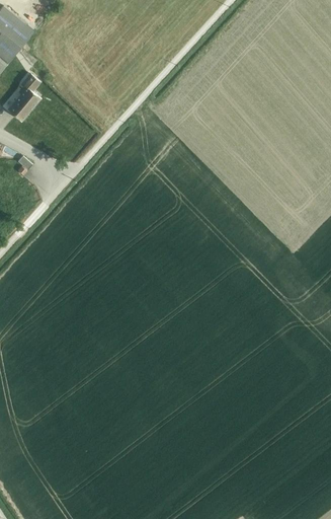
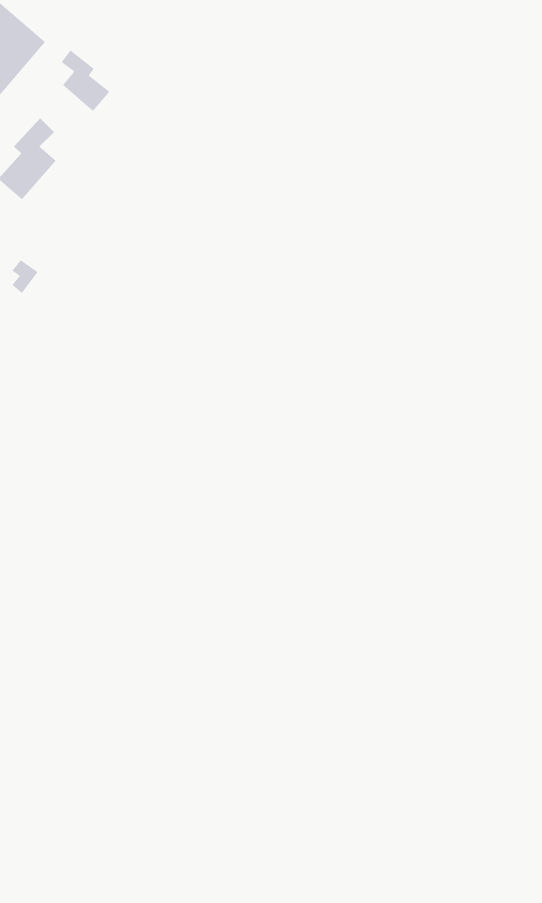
building: none -> [61,50,110,112]

